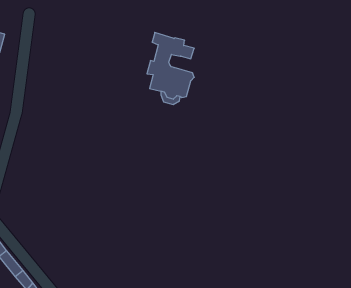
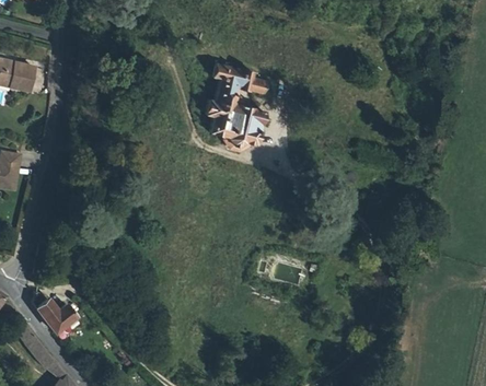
building: none -> [38,299,77,331]

